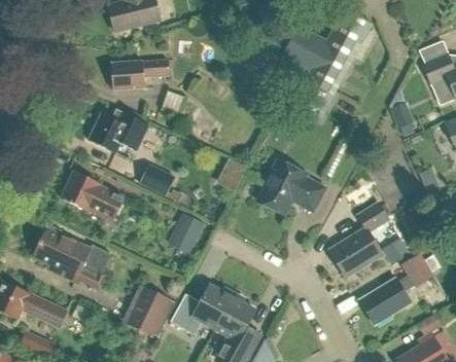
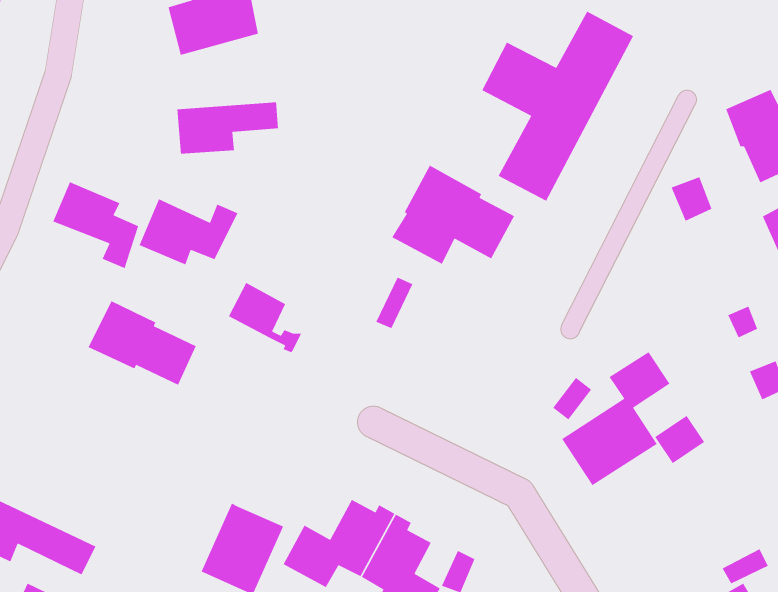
building: none -> [52,181,139,269]
building: [256,158,326,215] -> [391,165,515,265]
building: [169,213,201,251] -> none
building: [32,224,111,283] -> none
building: [359,253,434,323] -> none

